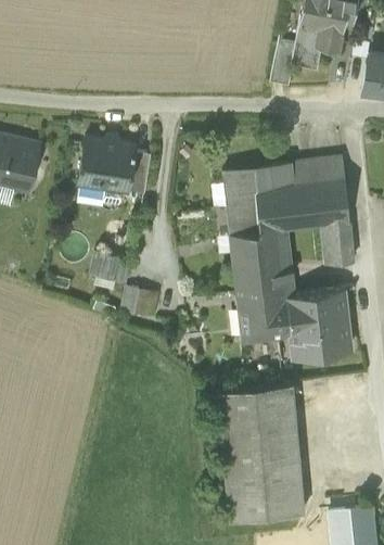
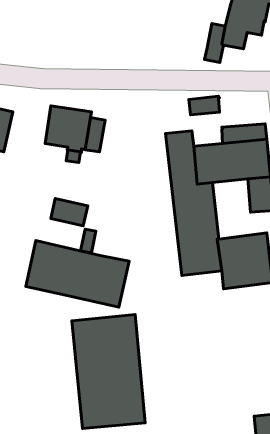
building: [255,164,292,187] -> [189,96,219,115]
building: none -> [26,241,129,307]
building: [217,383,305,520] -> [72,315,145,428]

